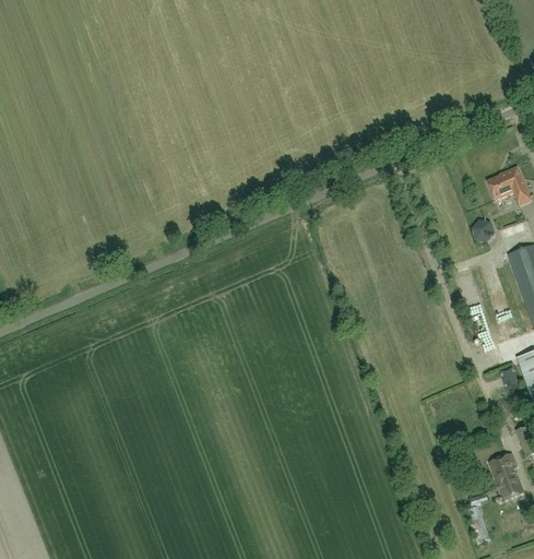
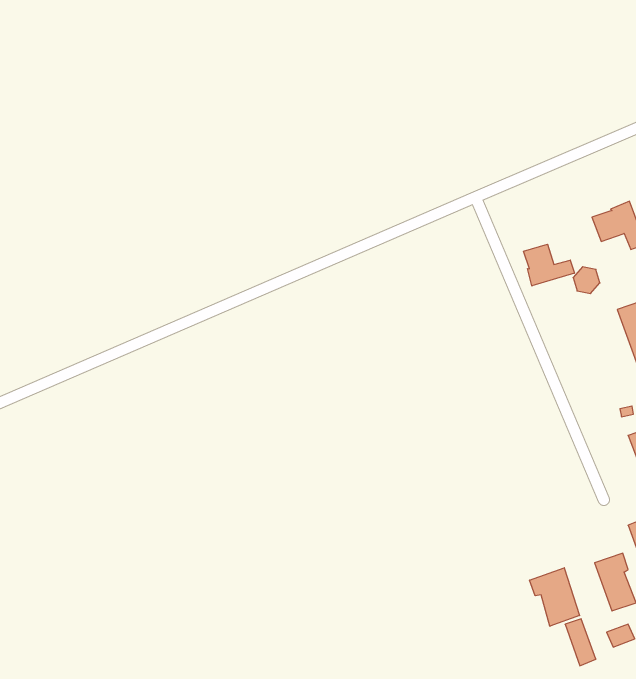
building: none -> [523,244,574,286]
building: none -> [530,568,580,626]

